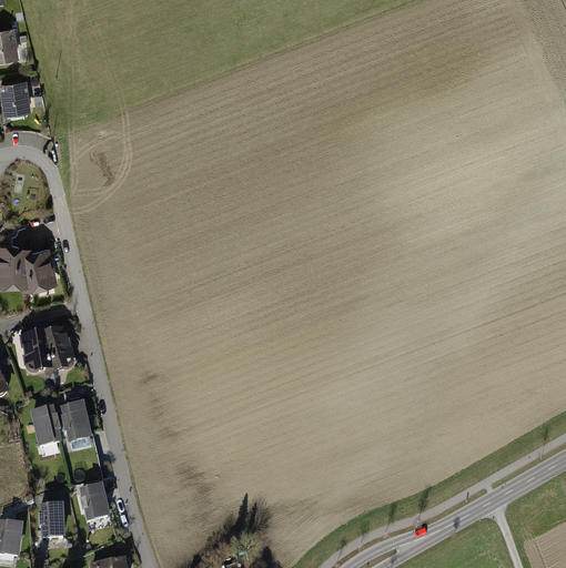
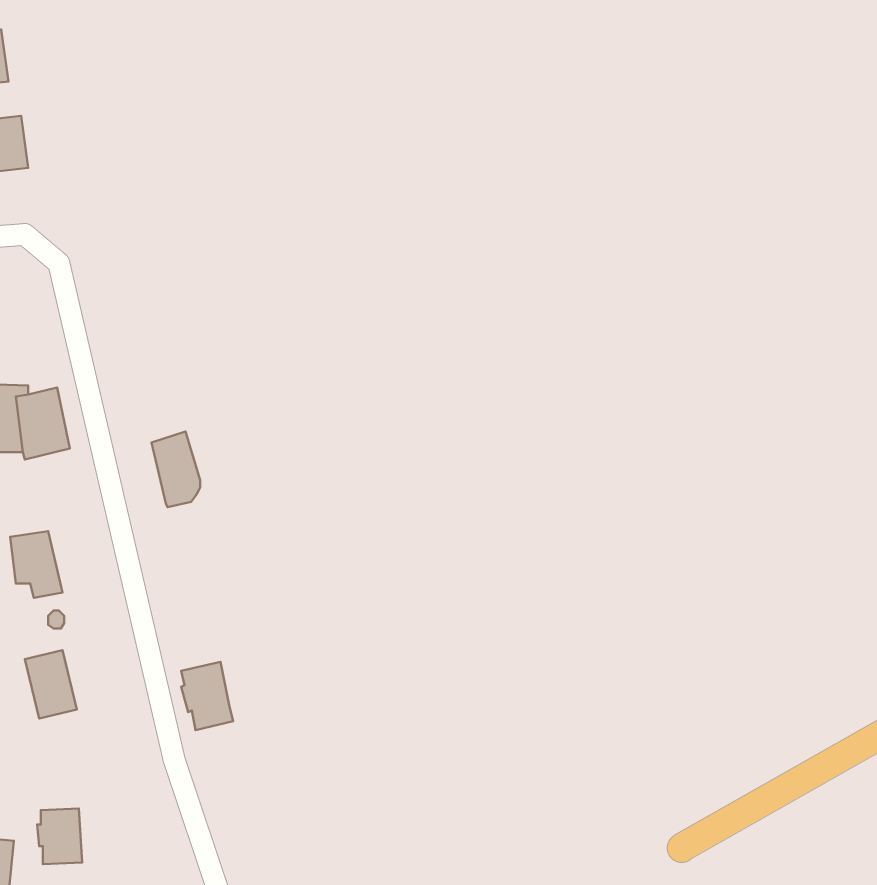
building: [43,325,73,372] -> [151,432,200,507]
building: [59,400,91,443] -> [181,662,233,730]
building: [78,483,109,520] -> none

